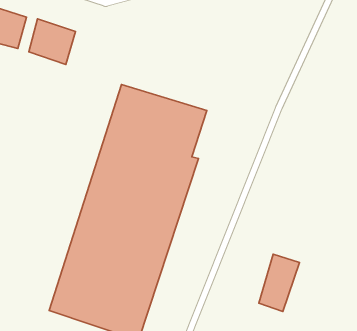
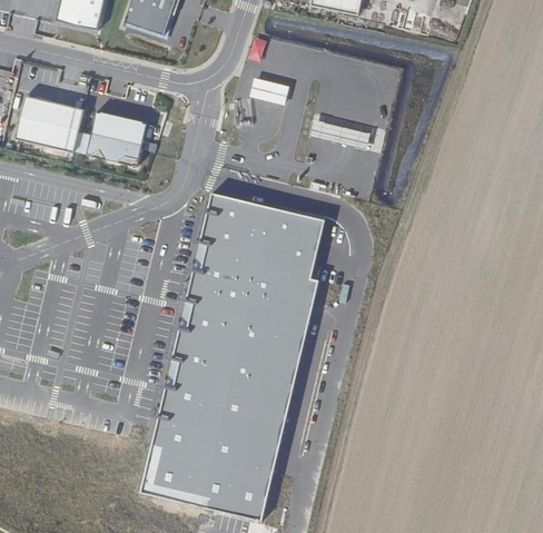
building: [259,254,299,311] -> none

